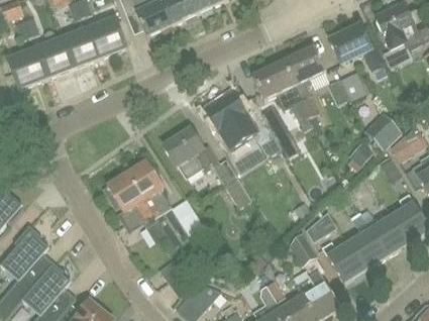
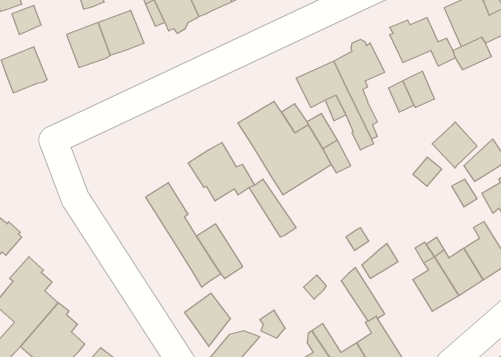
building: [33,39,71,77] -> none
building: [103,175,166,243] -> none
building: [321,242,364,283] -> none

